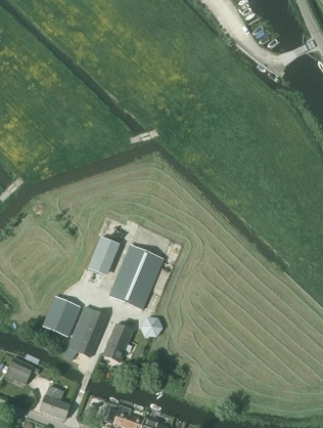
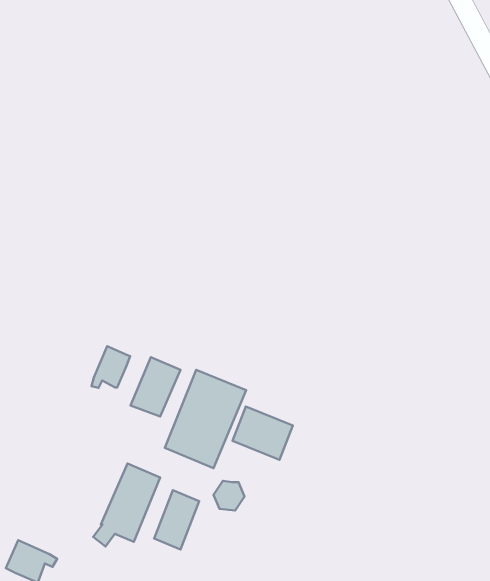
building: none -> [91,346,130,388]
building: none -> [233,406,293,460]
building: [43,297,80,336] -> none

